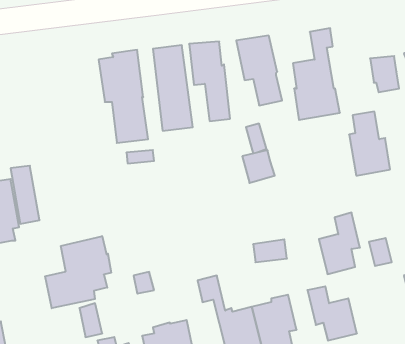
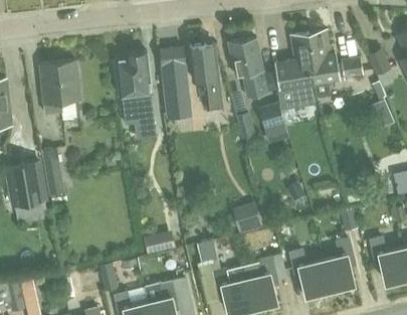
building: none -> [40,61,82,120]
building: [349,112,390,176] -> [304,31,339,85]
building: [242,150,275,183] -> [258,103,285,130]
building: [319,213,360,274] -> [323,238,357,289]
building: [45,236,111,308] -> none

